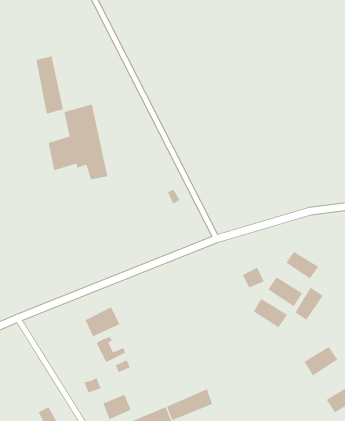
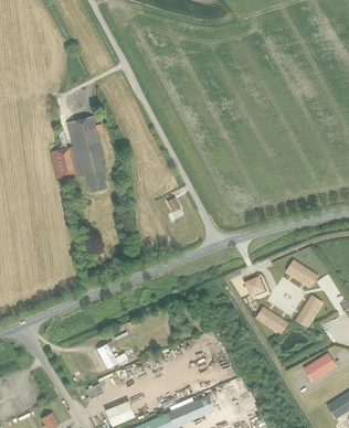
building: [36,56,64,115] -> none
building: [268,277,303,307] -> none
building: [85,307,120,337] -> none

